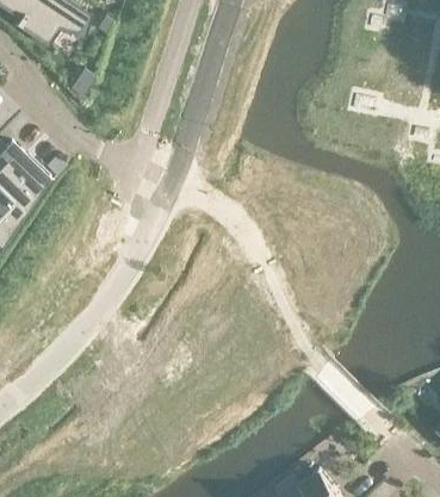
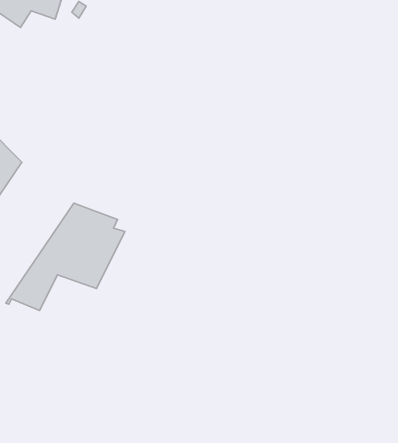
building: none -> [6,203,125,310]

